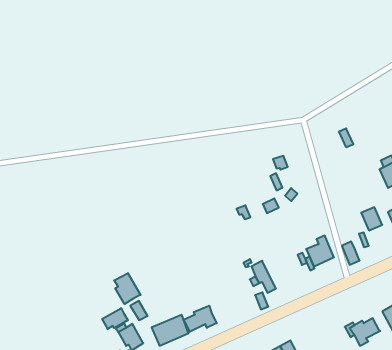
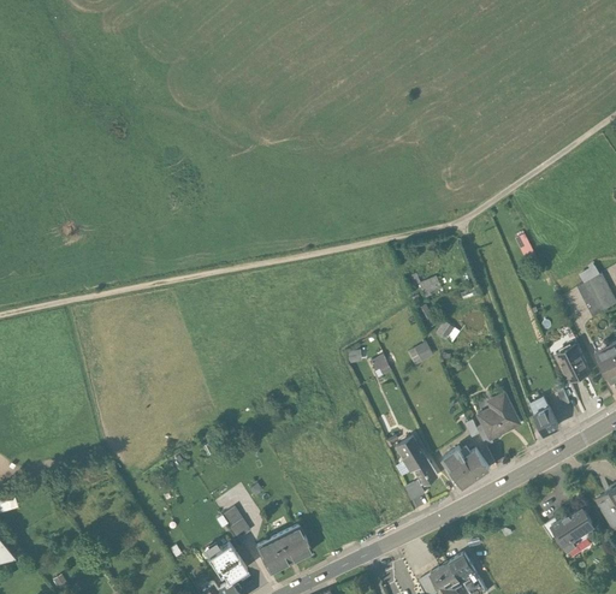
building: none -> [445,447,488,485]
building: [114,273,141,304] -> none
building: [184,306,217,332] -> none
building: [102,308,128,329] -> none

